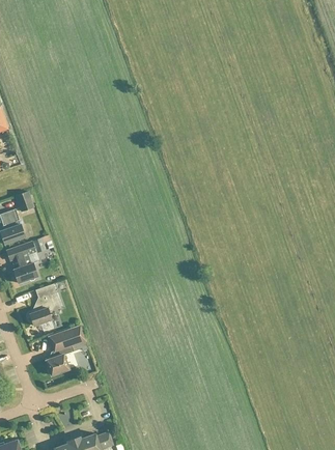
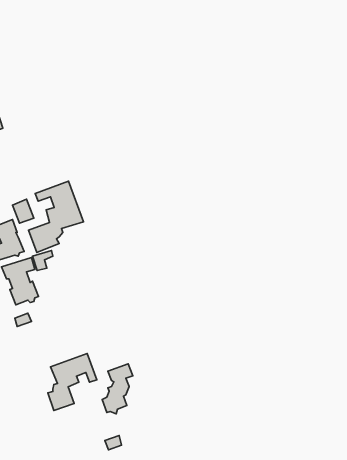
building: none -> [28,181,83,252]
building: [29,283,56,327] -> [102,364,133,414]

